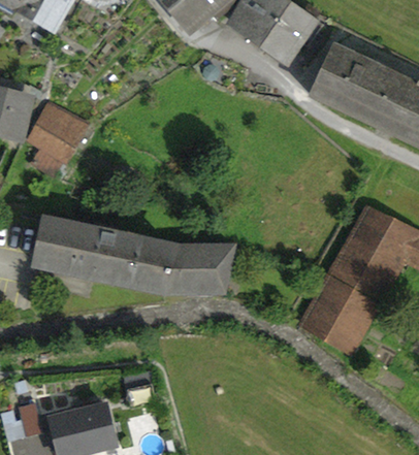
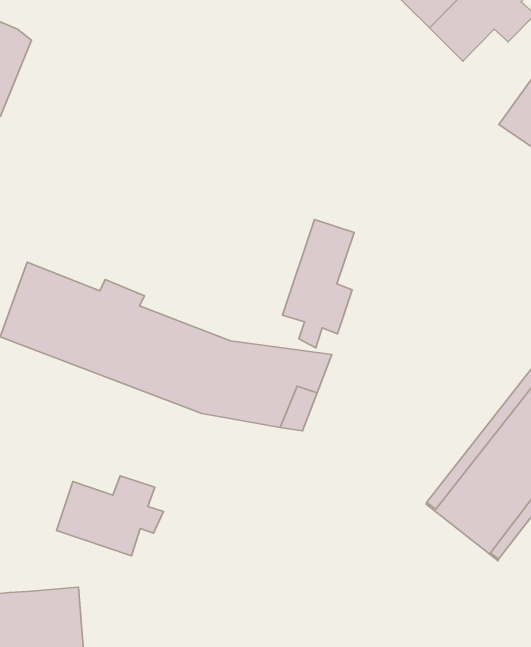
building: [30,101,87,175] -> none
building: none -> [283,220,354,348]
building: none -> [57,476,163,556]

